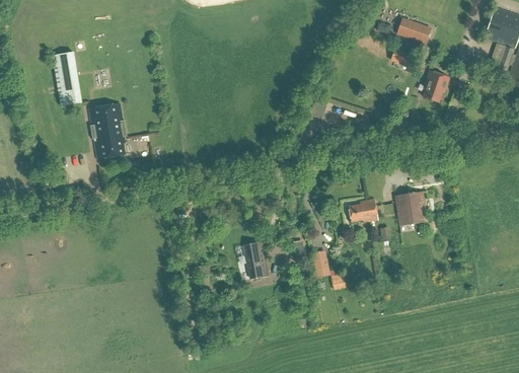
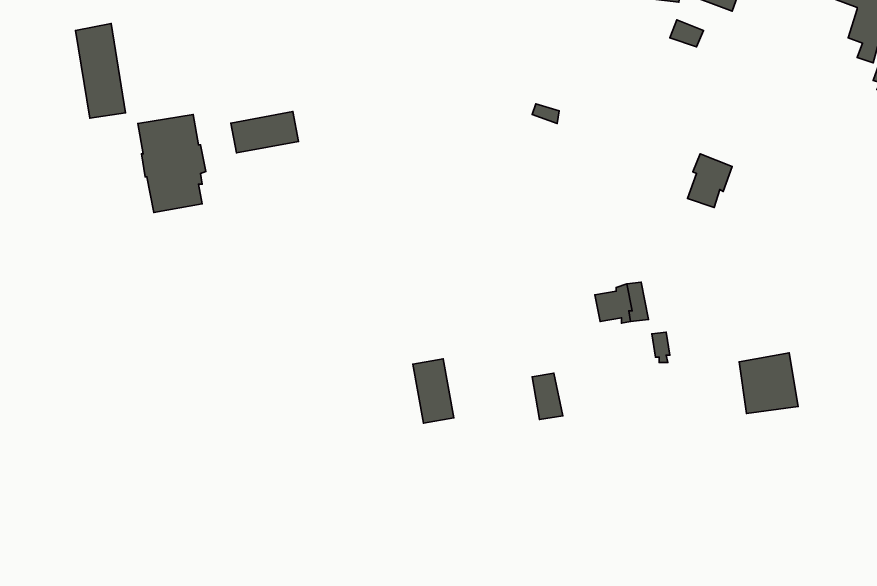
building: [424,71,449,101] -> [688,154,732,207]
building: none -> [231,112,299,153]
building: [395,191,429,225] -> [739,353,798,414]

